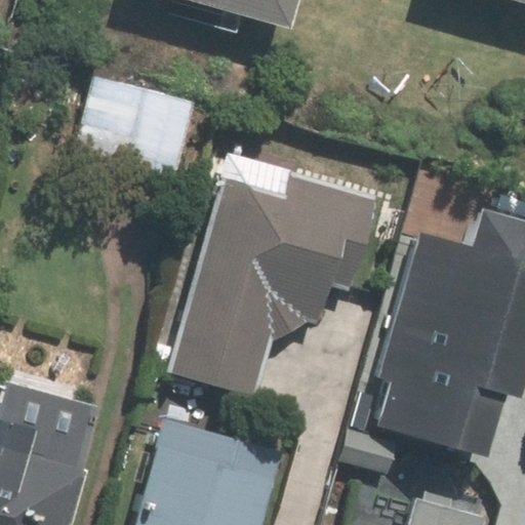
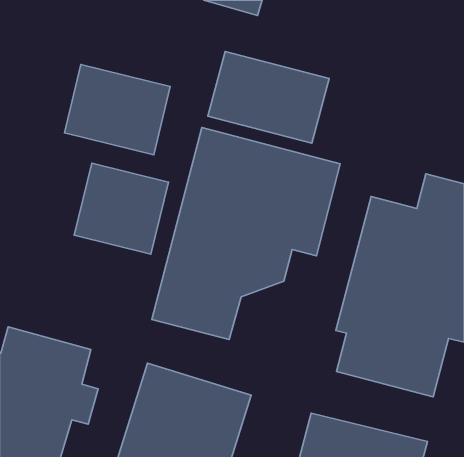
building: none -> [208,51,329,143]
building: none -> [74,163,168,254]

